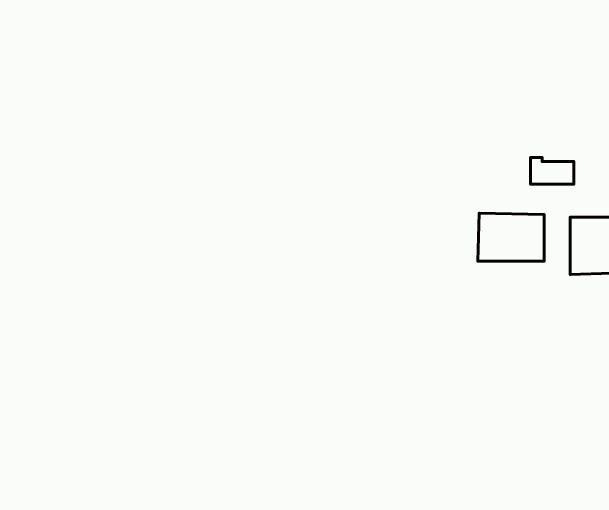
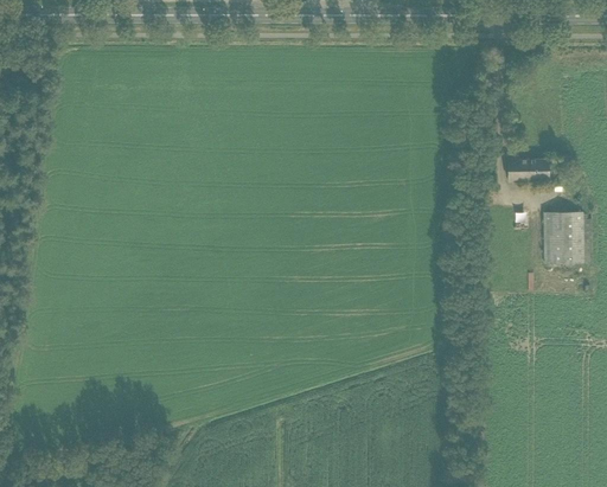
building: [478,213,544,261] -> none

